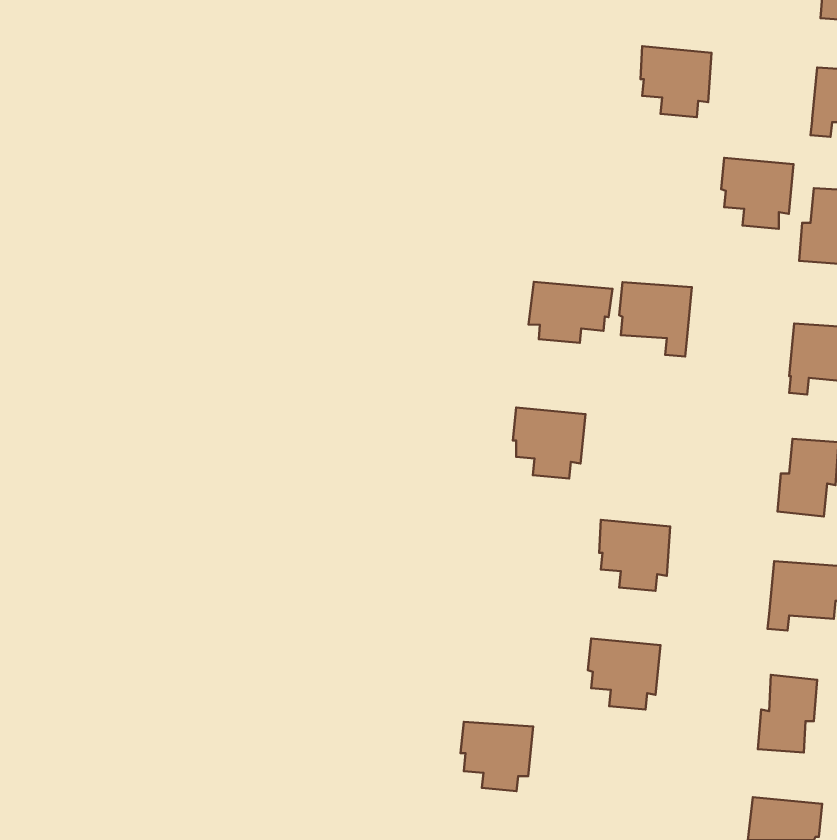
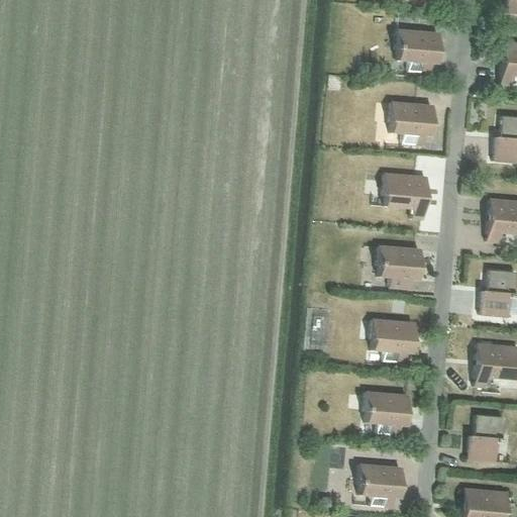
building: [721,158,794,229] -> [389,101,433,144]
building: [528,282,613,343] -> none
building: [513,407,586,478] -> [377,244,421,288]
building: [460,722,533,791] -> [357,463,402,506]

